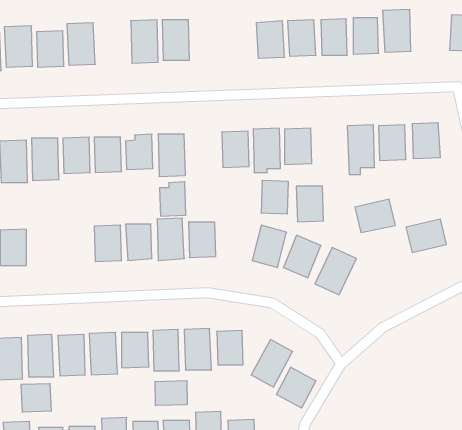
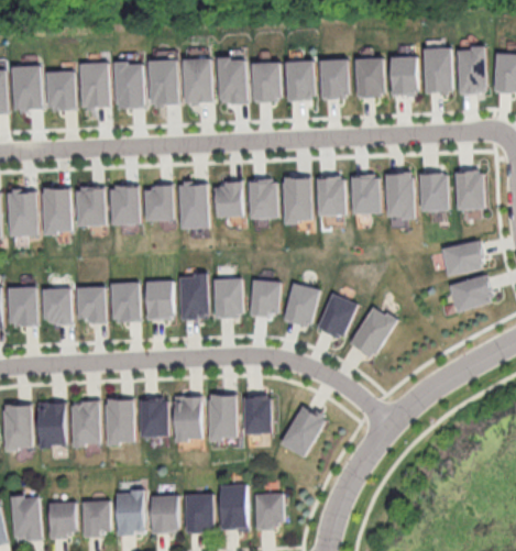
building: none -> [458,47,487,93]
building: none -> [217,57,246,103]
building: none -> [114,62,144,109]
building: none -> [251,62,281,101]
building: [261,181,288,214] -> [248,279,277,316]
building: [160,182,186,216] -> [213,179,242,217]
building: [296,186,324,222] -> [350,175,380,213]
building: [355,199,395,233] -> [439,240,483,276]
building: none -> [75,286,105,321]
building: none -> [41,287,70,323]
building: [276,367,316,408] -> none
building: [155,381,187,406] -> none
building: [21,383,51,412] -> none

